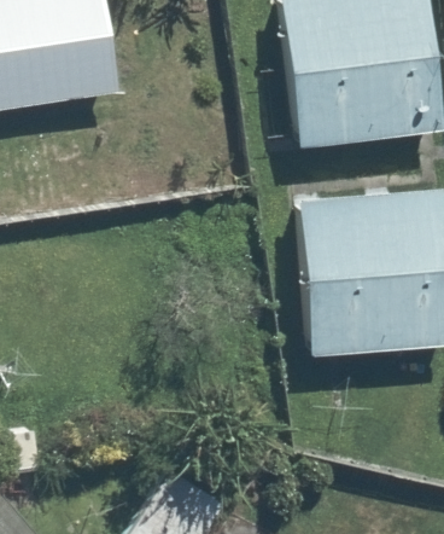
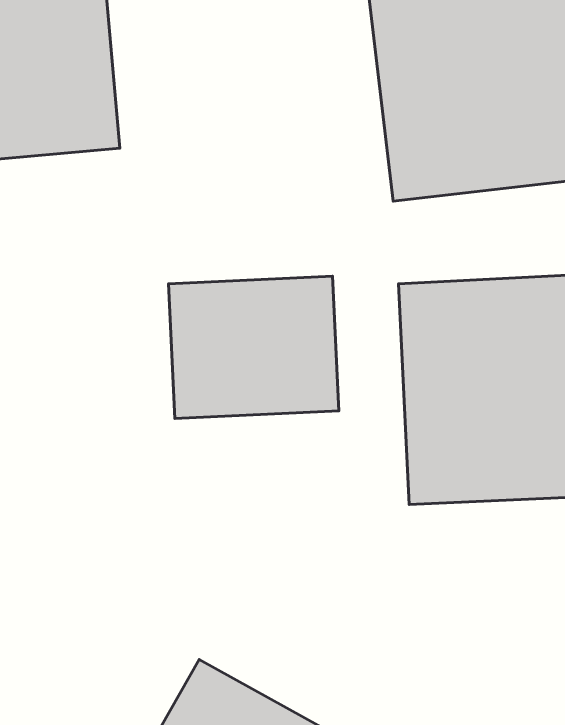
building: none -> [169,276,339,419]

